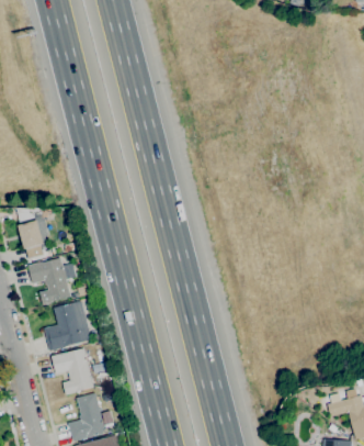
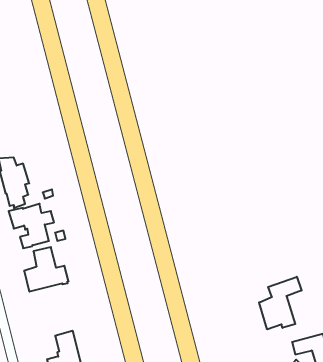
building: none -> [259,277,302,329]
building: [52,347,93,394] -> none

